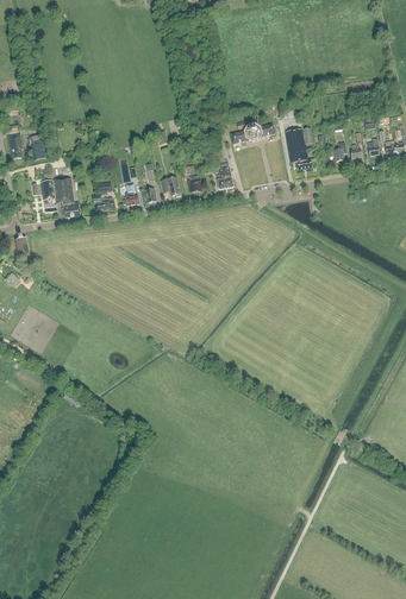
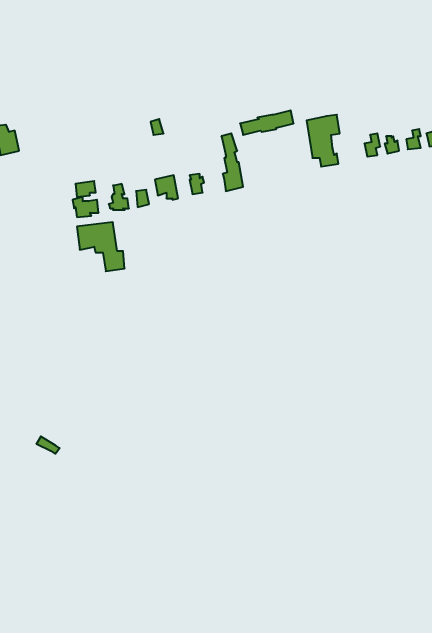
building: [39,177,79,217] -> [77,222,125,271]

